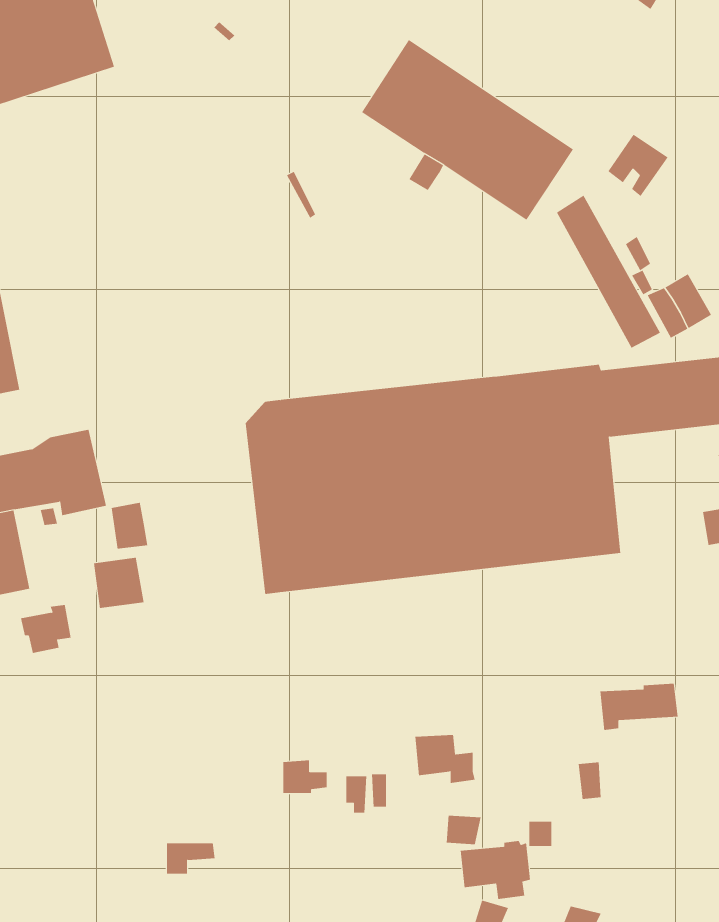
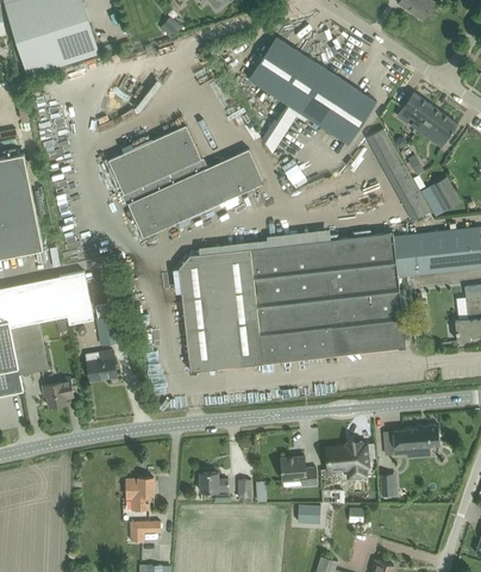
building: none -> [417,107,457,139]
building: none -> [108,125,263,237]
building: none -> [125,478,152,510]
building: [460,841,531,900] -> [325,442,368,478]

